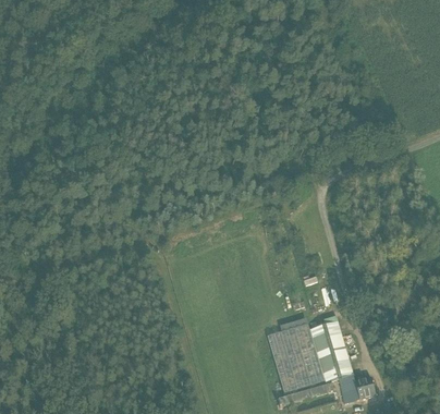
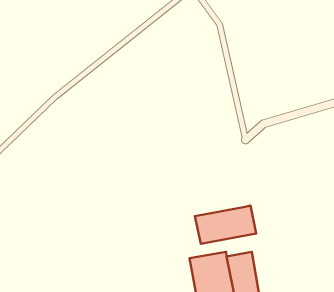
building: none -> [195,206,256,244]

